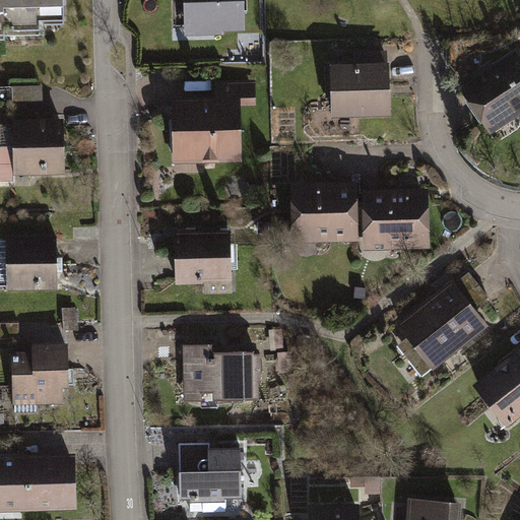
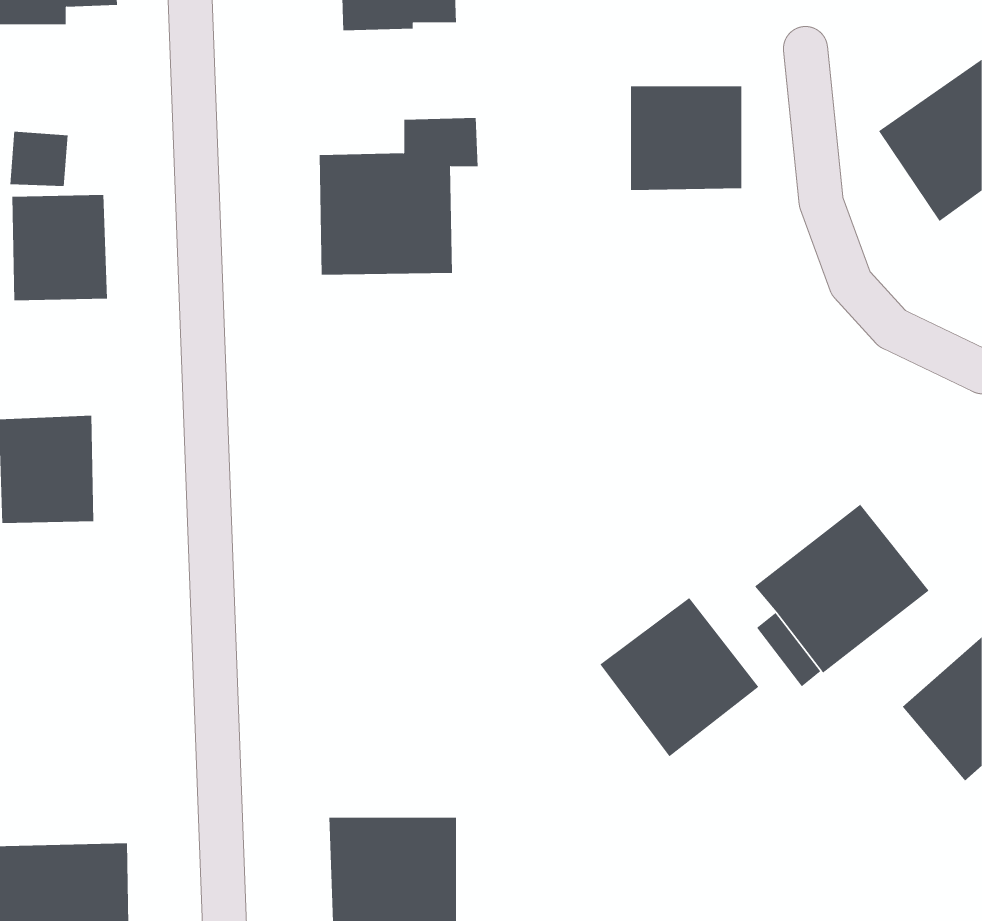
building: [290,182,359,244] -> none
building: [363,190,429,251] -> none
building: [174,233,231,296] -> none
building: none -> [600,597,759,757]
building: [181,343,260,402] -> none
building: [13,346,68,405] -> none

